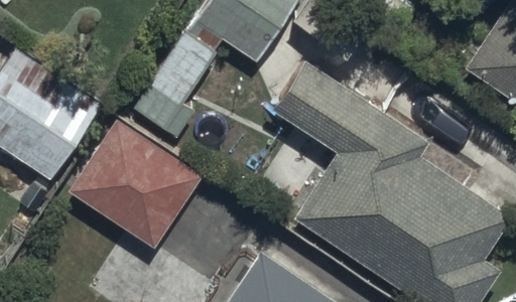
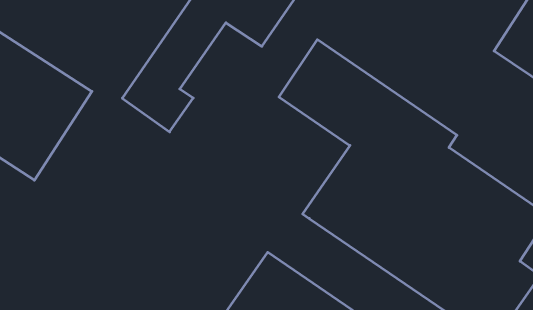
building: [64,116,208,254] -> none

